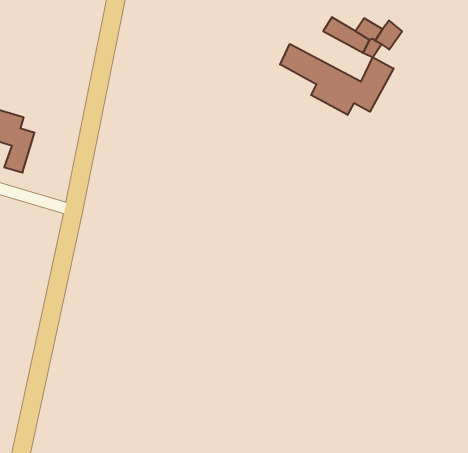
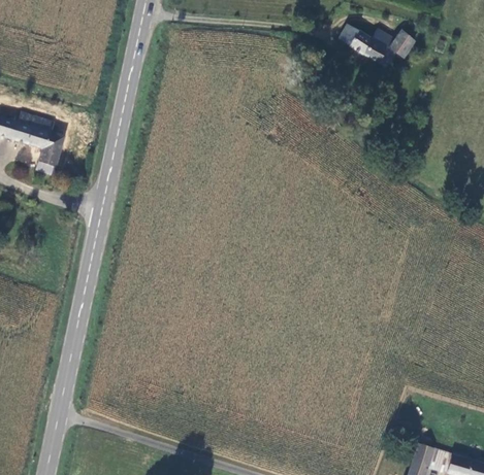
building: [280,44,394,115] -> none

